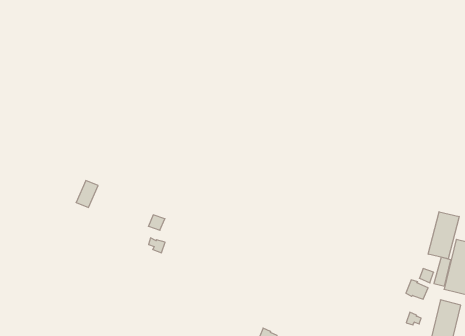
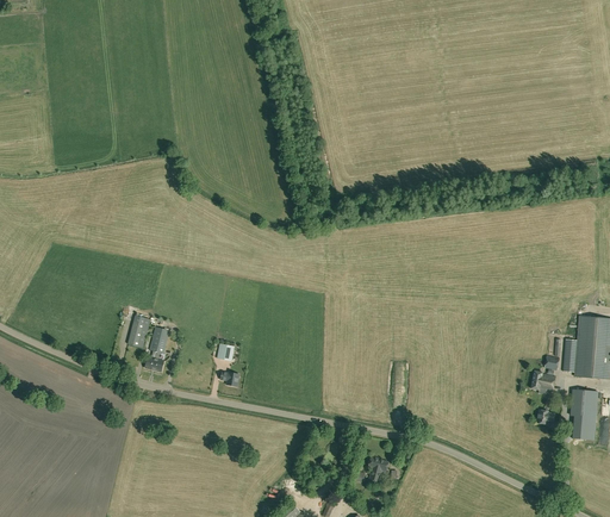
building: none -> [145,326,170,370]
building: [428,212,459,259] -> none

